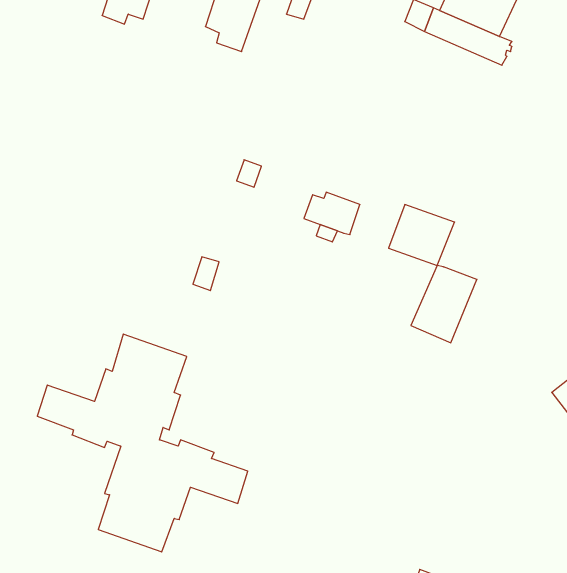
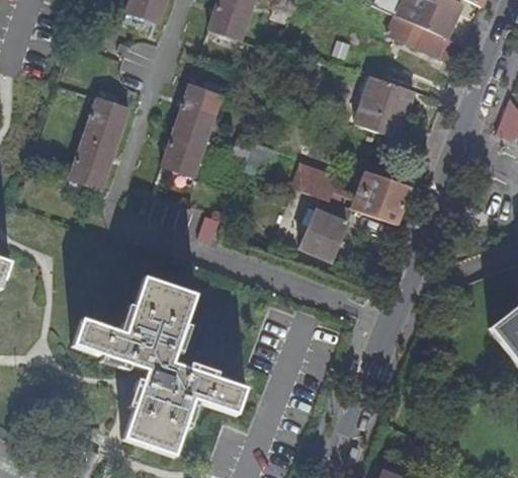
building: none -> [357,75,416,137]
building: none -> [162,81,225,185]
building: none -> [69,89,128,185]
building: [411,266,477,343] -> [299,196,353,259]

